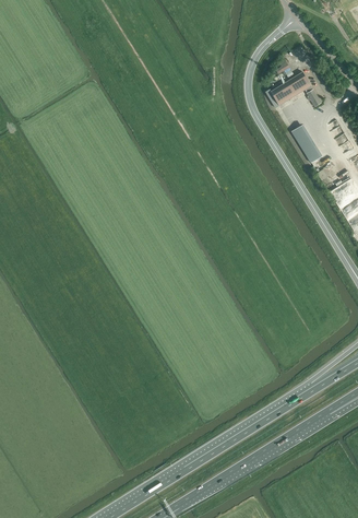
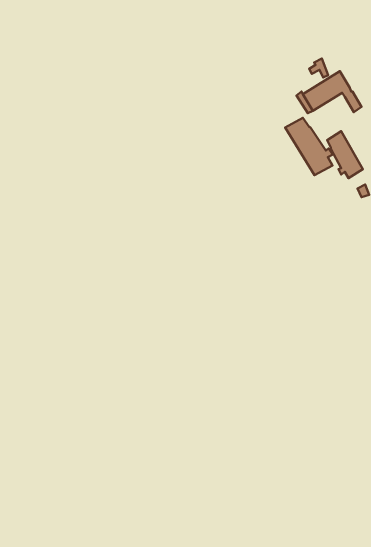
building: none -> [285,118,333,175]

